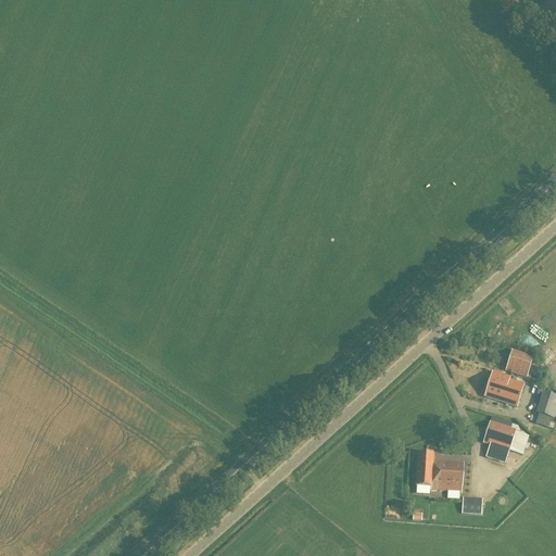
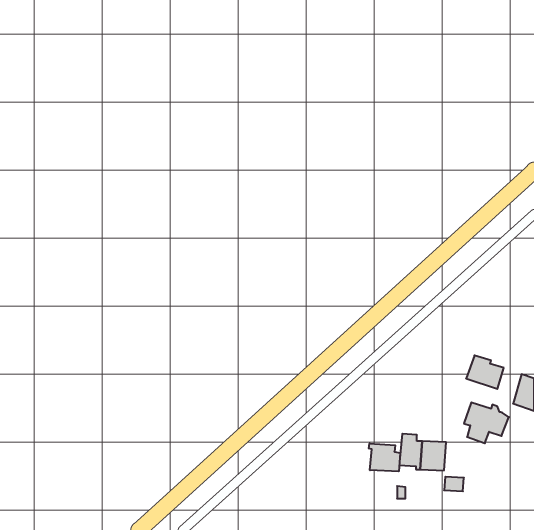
building: [505,346,533,375] -> none
building: none -> [369,443,400,471]

